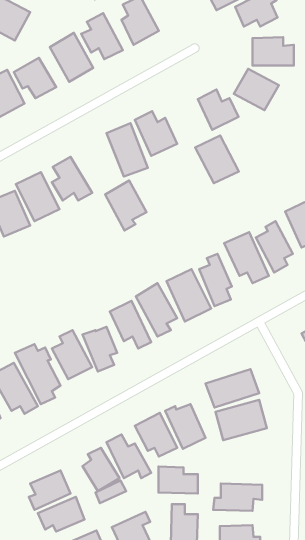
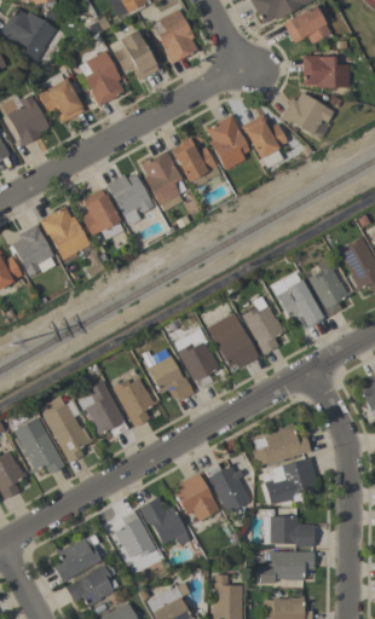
building: [195,135,239,183] -> [204,115,253,168]
building: [105,181,146,231] -> [108,170,154,226]
building: [159,466,198,494] -> [271,516,315,546]

